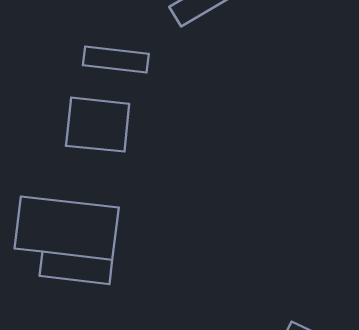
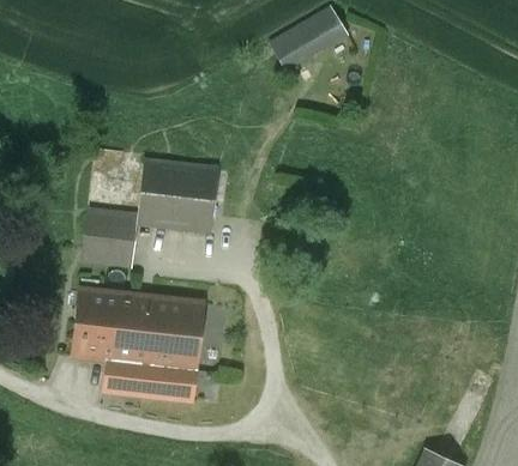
building: [83,47,149,72] -> none
building: none -> [82,204,138,265]

